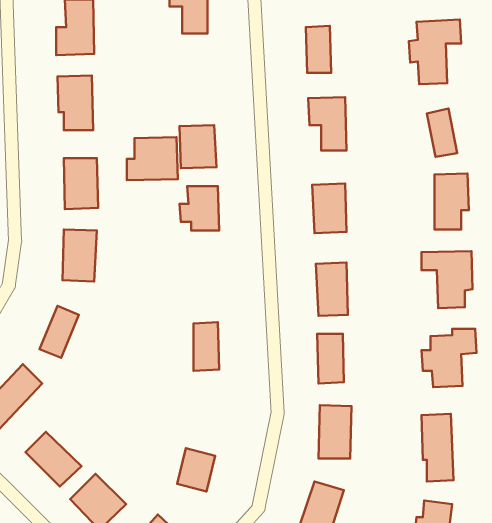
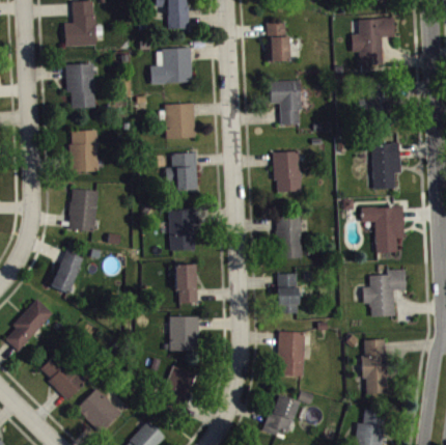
building: [127,137,178,180] -> [150,49,192,84]
building: none -> [169,210,198,251]
building: none -> [169,316,199,352]

